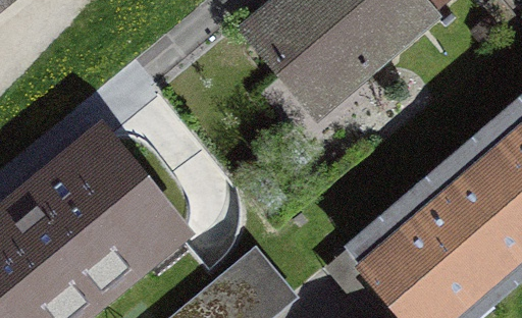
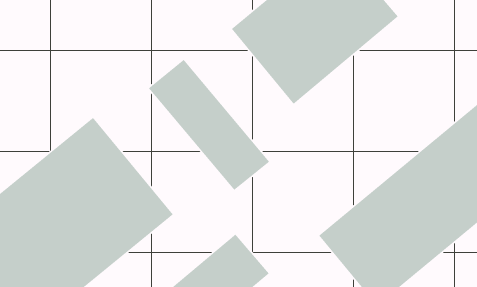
building: none -> [148,59,270,191]

